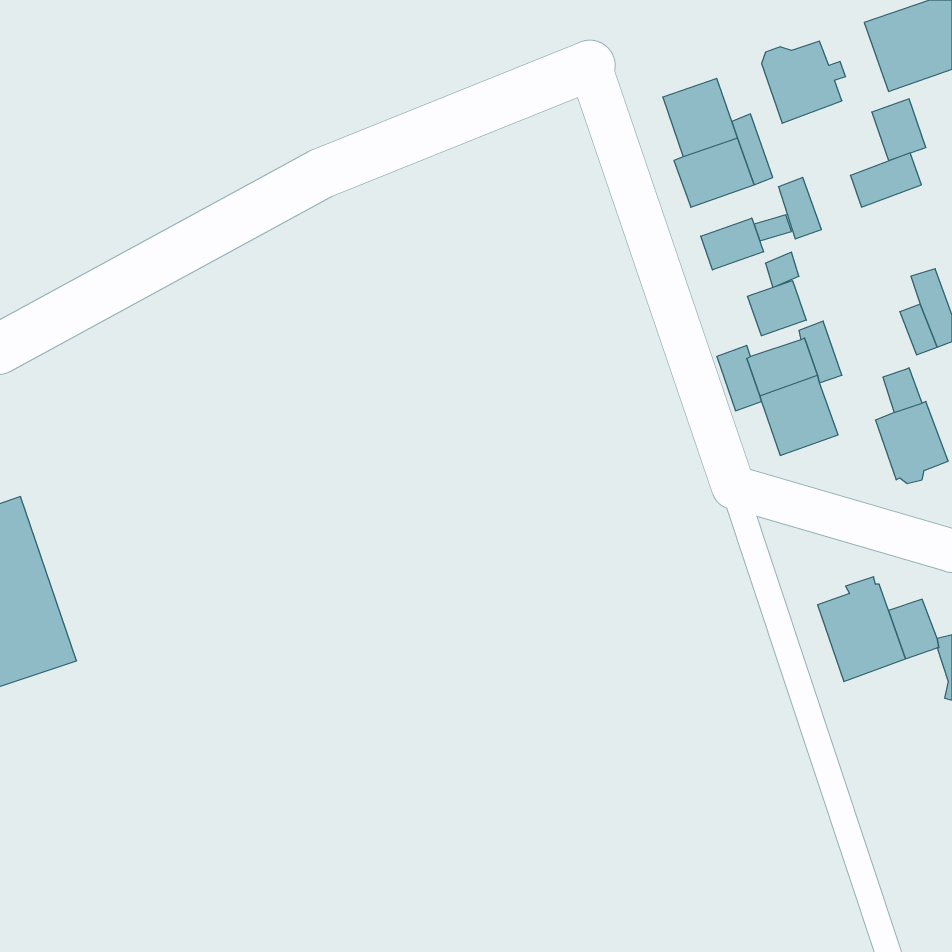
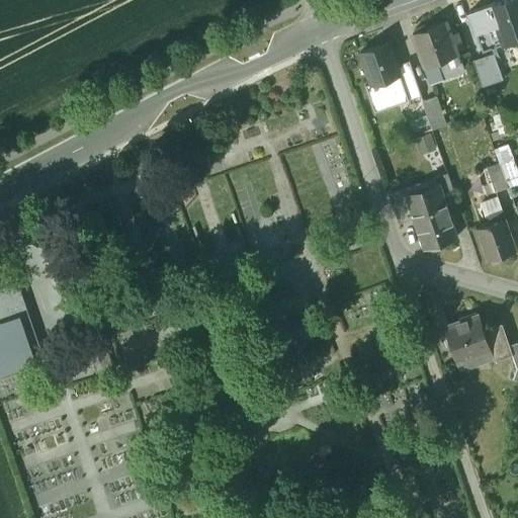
building: [850,153,921,207] -> [424,56,462,85]
building: [701,218,764,270] -> none
building: [748,281,806,336] -> none

